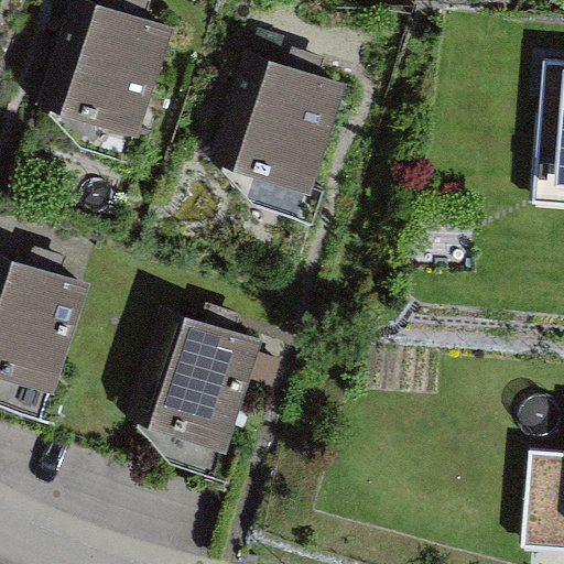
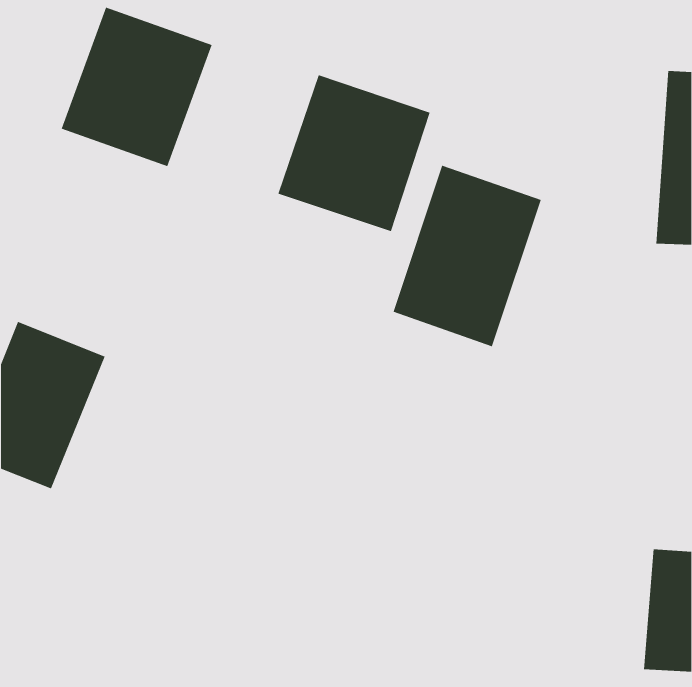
building: none -> [393,165,541,347]
building: [128,305,262,447] -> none

